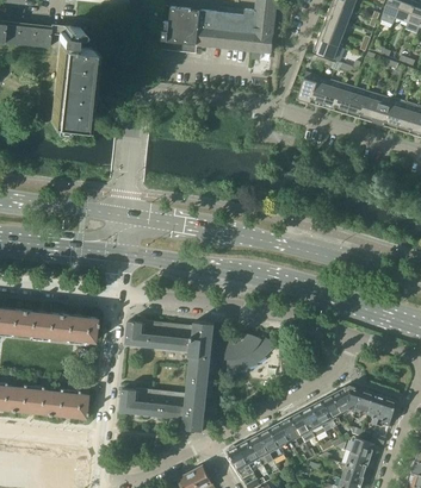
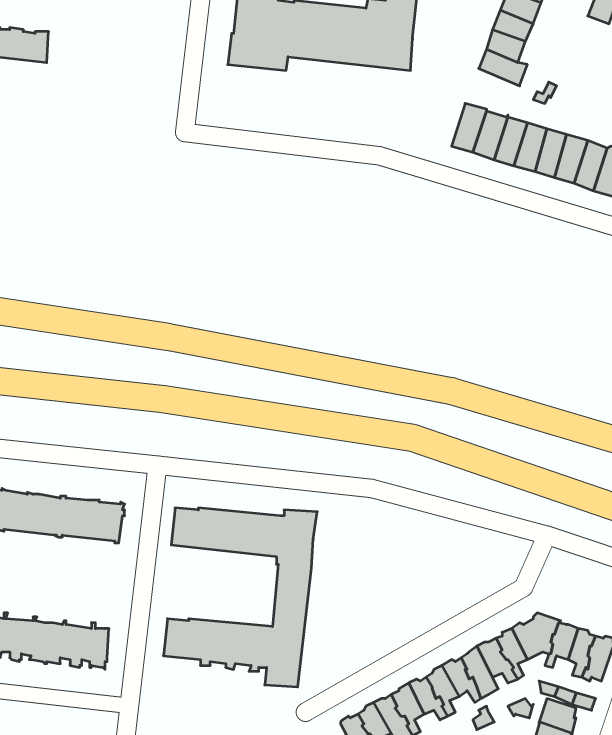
building: [54,21,89,126] -> none
building: [211,333,273,371] -> none

